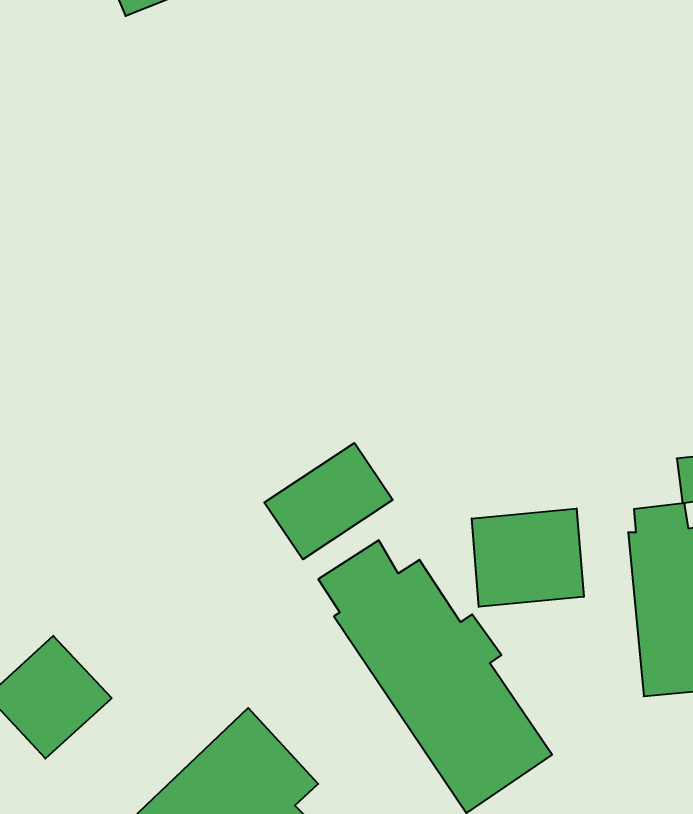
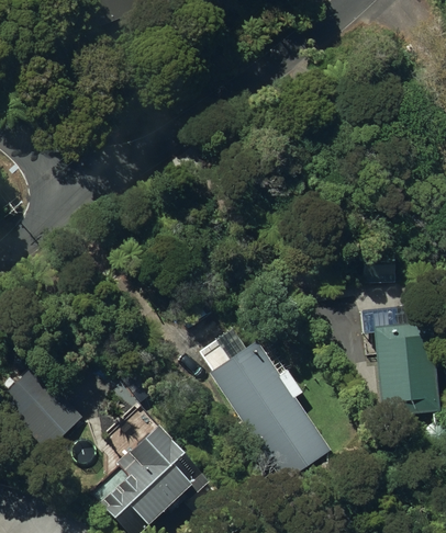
building: [264,443,393,559] -> none
building: [472,508,584,607] -> none

